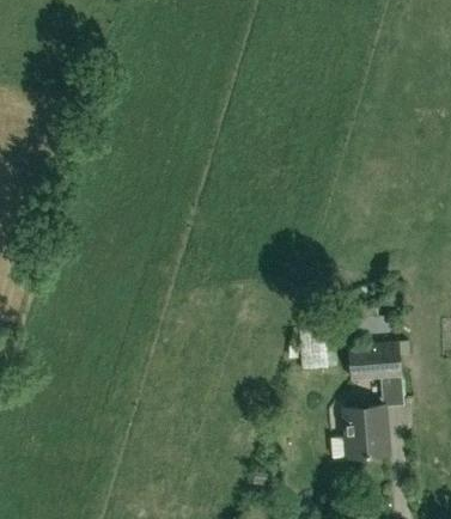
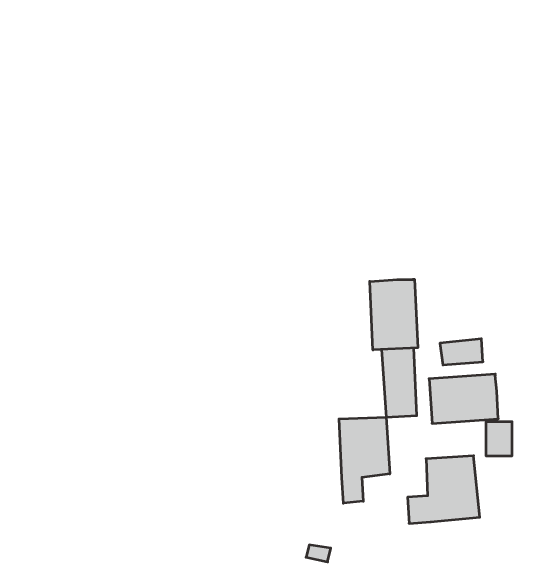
building: none -> [370,279,418,350]
building: none -> [339,417,390,503]

